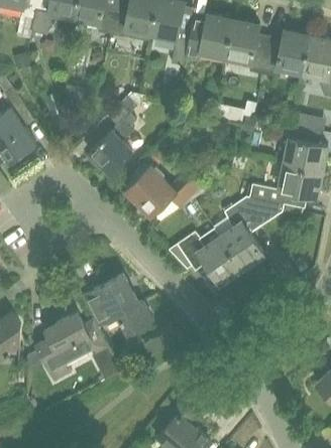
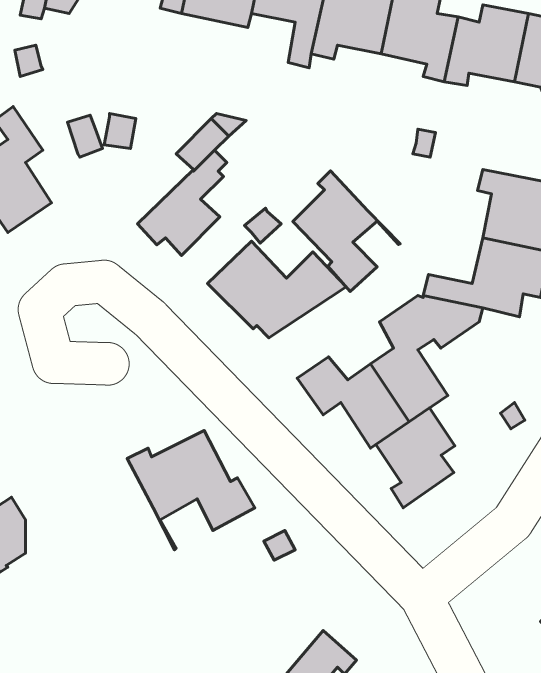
building: none -> [293,171,400,292]
building: none -> [376,408,455,508]
building: [30,312,111,381] -> none

